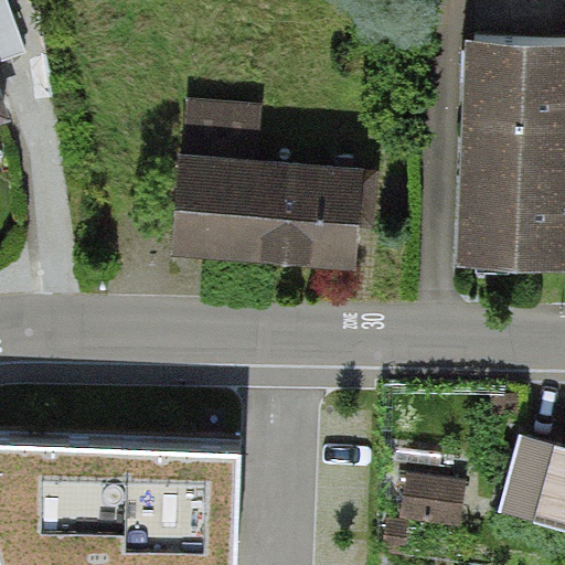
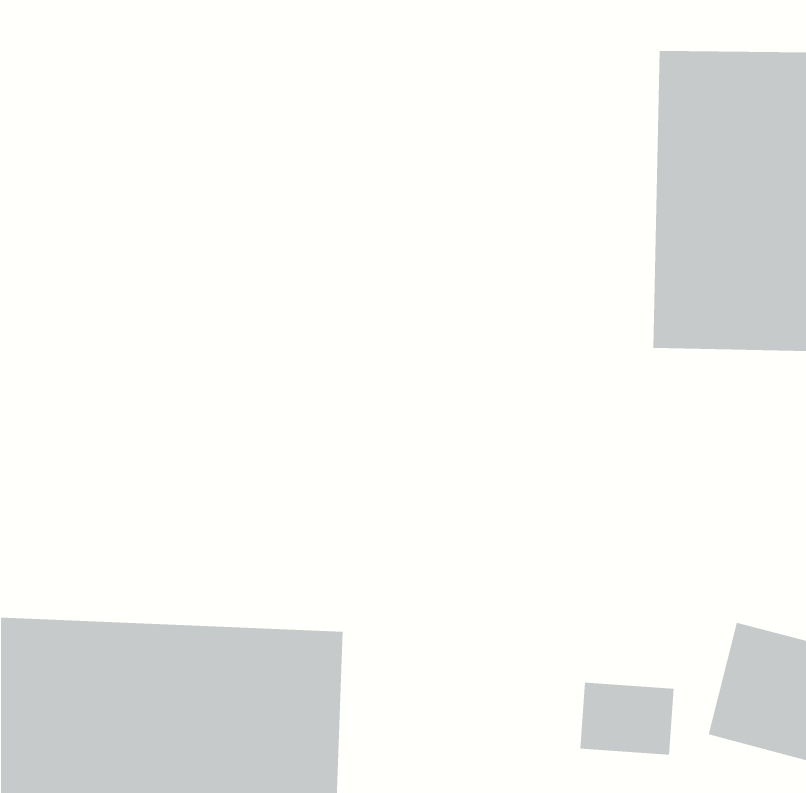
building: [179,105,364,257] -> none

